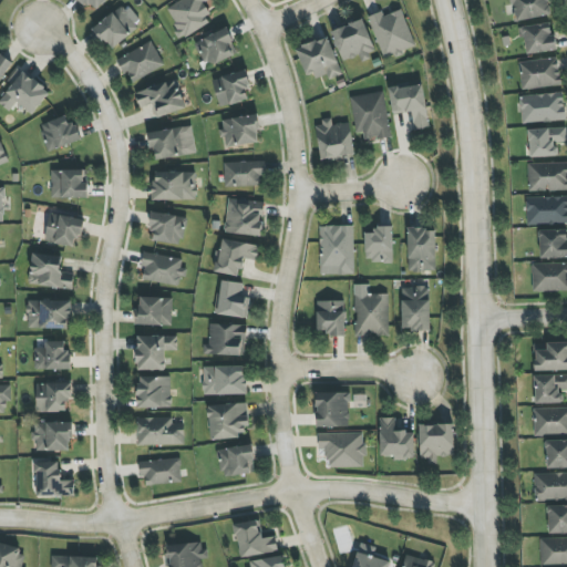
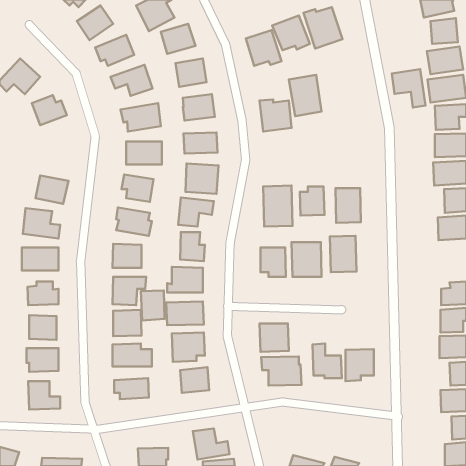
building: [388,83,429,130] -> [392,69,426,107]
building: [50,168,87,198] -> none
building: none -> [141,291,165,321]

